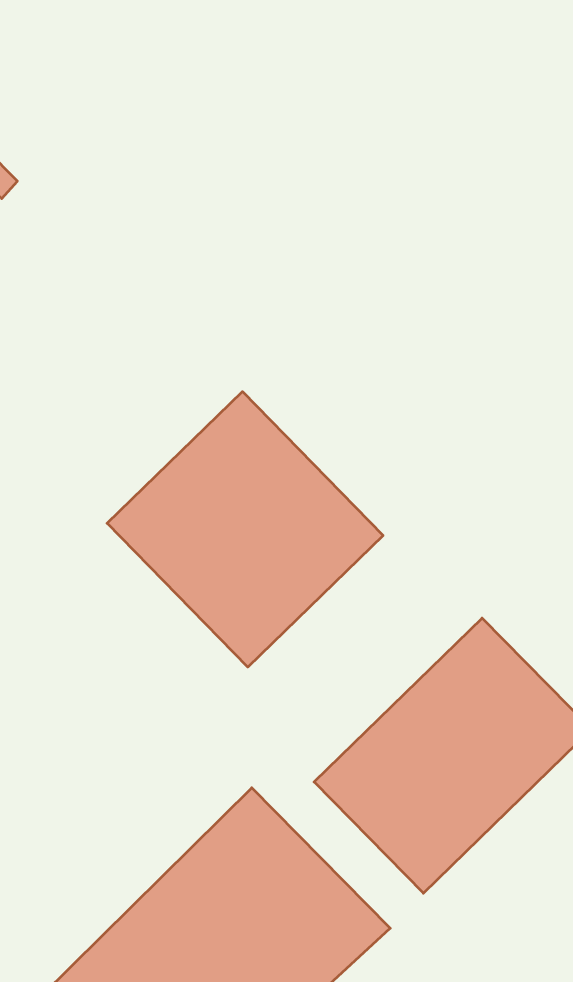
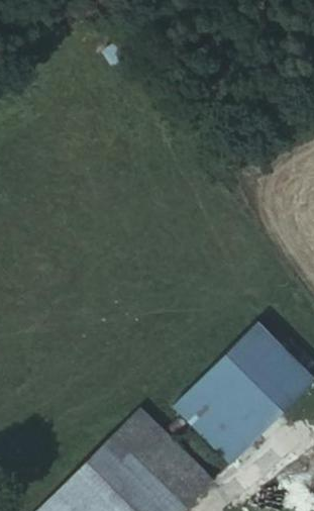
building: [107,392,383,667] -> none

